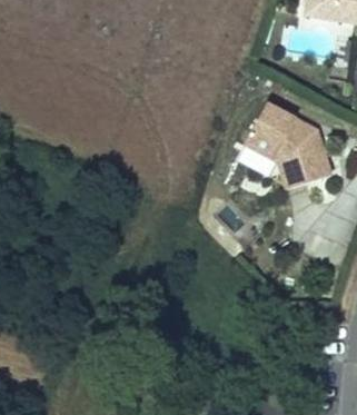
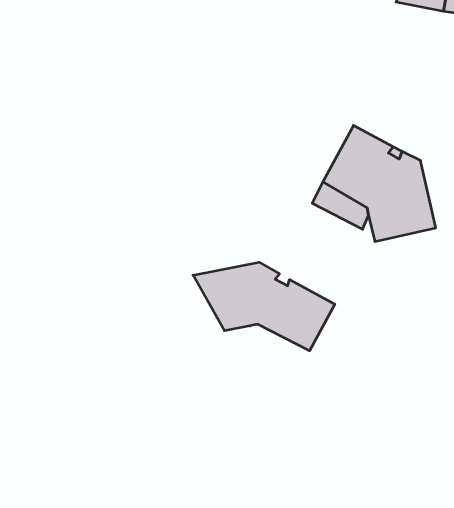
building: none -> [193,262,335,351]

